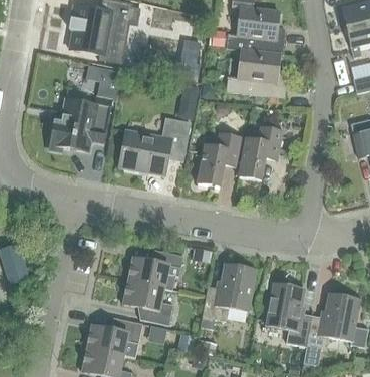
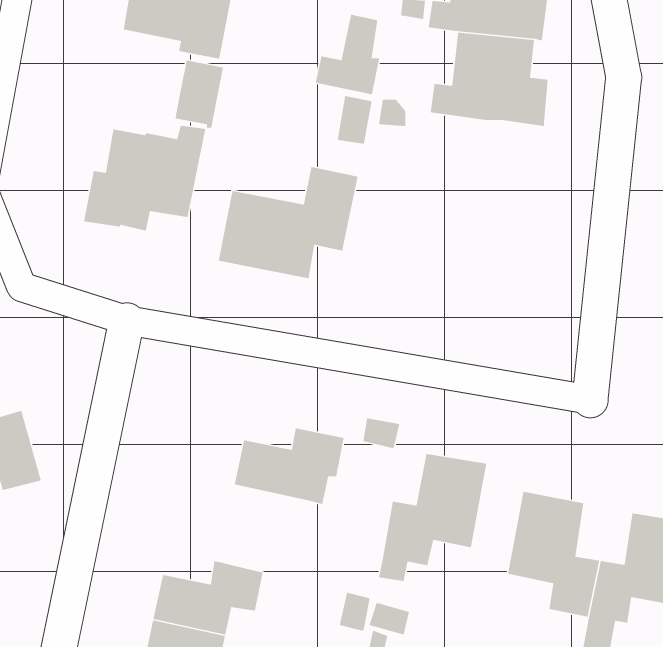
building: [238,125,282,180] -> none
building: [197,132,241,187] -> none
building: [121,280,172,325] -> none

